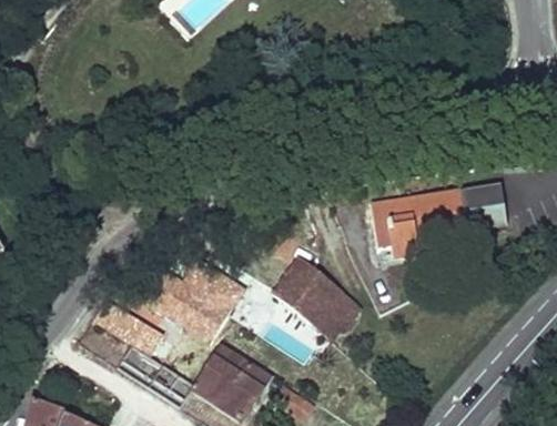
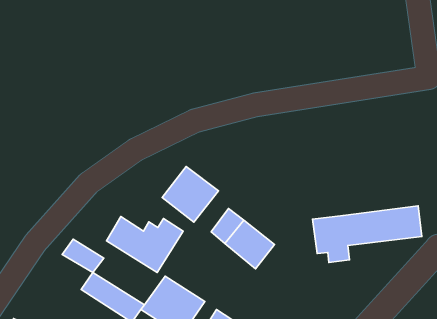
building: [373,186,507,256] -> [313,206,422,263]
building: none -> [162,167,219,222]

